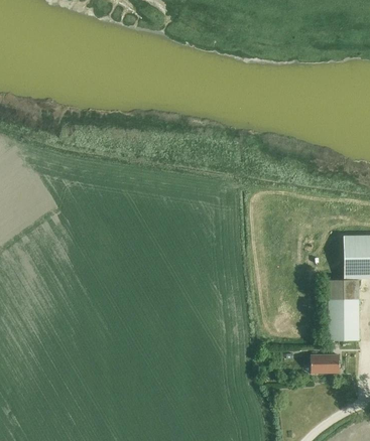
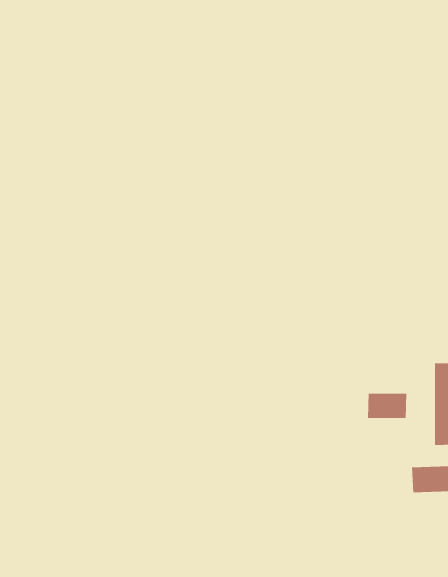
building: none -> [368,393,407,419]

